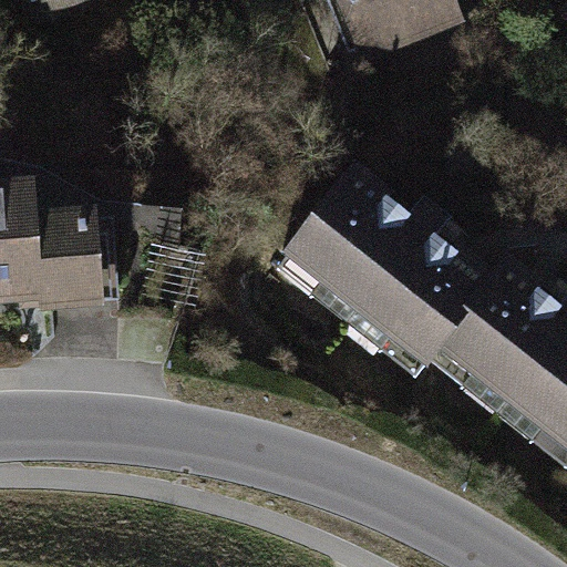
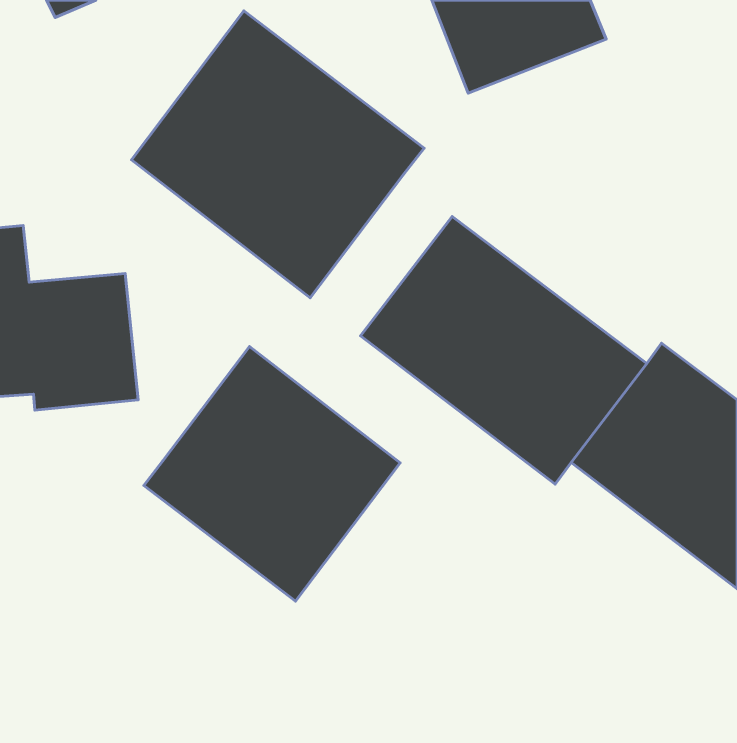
building: none -> [131,11,424,298]
building: none -> [144,347,400,601]

